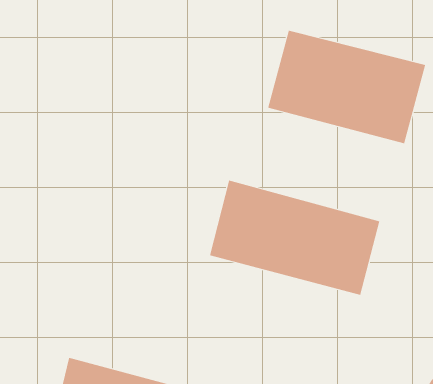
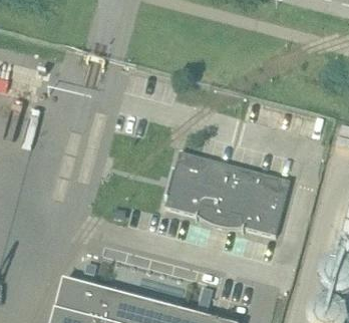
building: [267,30,426,144] -> none

